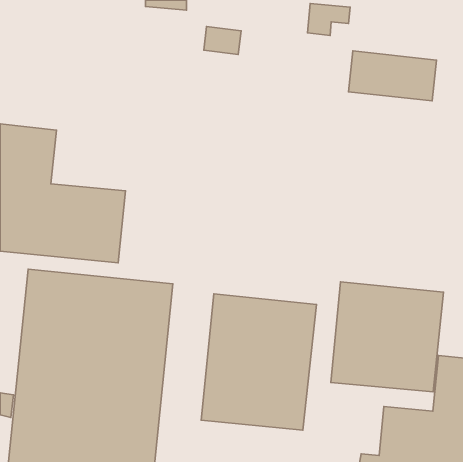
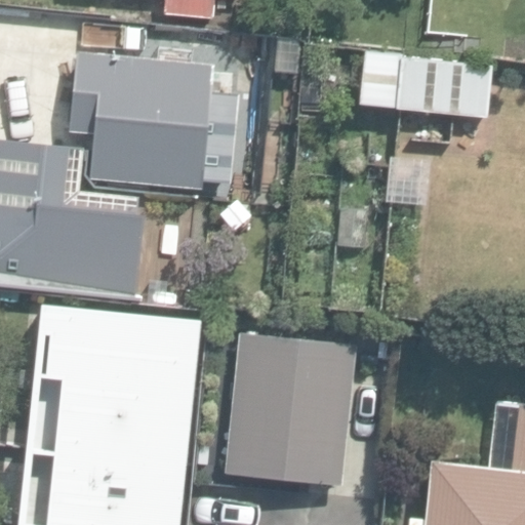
building: none -> [71,49,237,187]
building: [331,282,444,392] -> none

